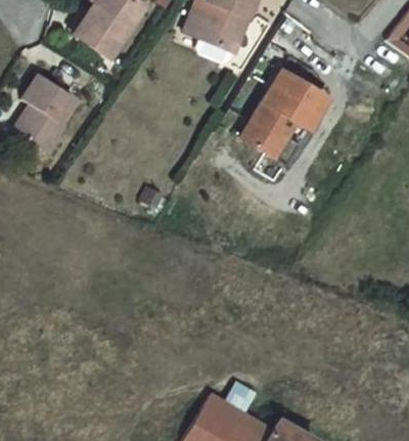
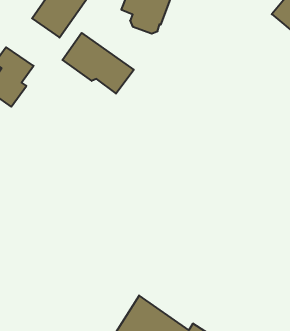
building: none -> [62,33,134,94]
building: [247,74,332,168] -> none

